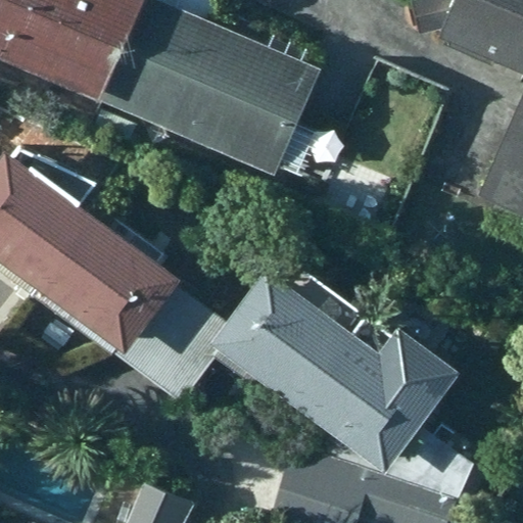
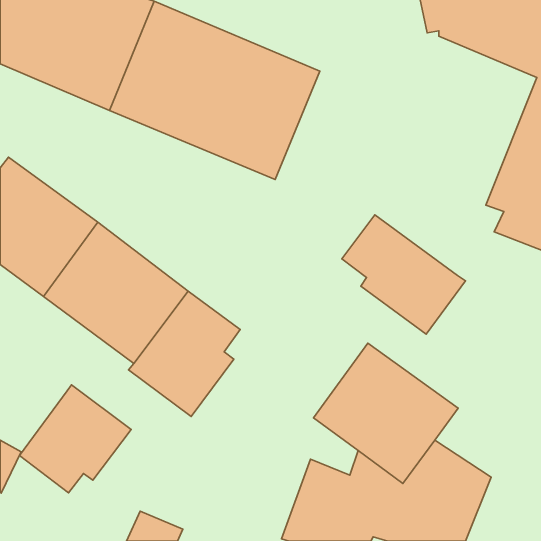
building: none -> [342,215,465,334]
building: [218,267,355,401] -> none
building: none -> [19,385,131,493]

